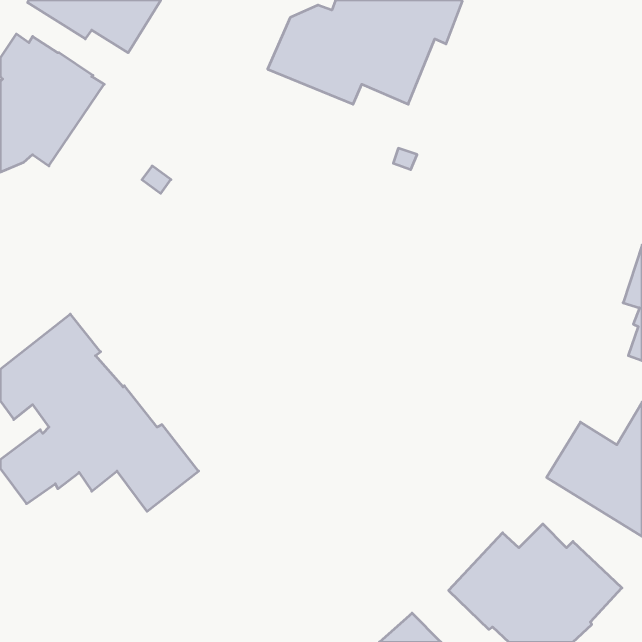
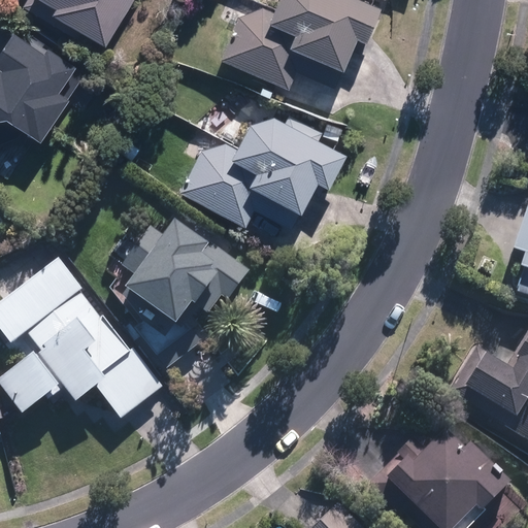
building: none -> [179,111,348,228]
building: none -> [122,211,250,368]

